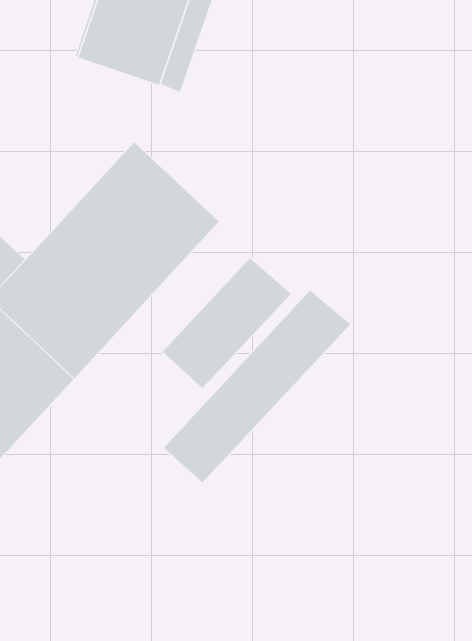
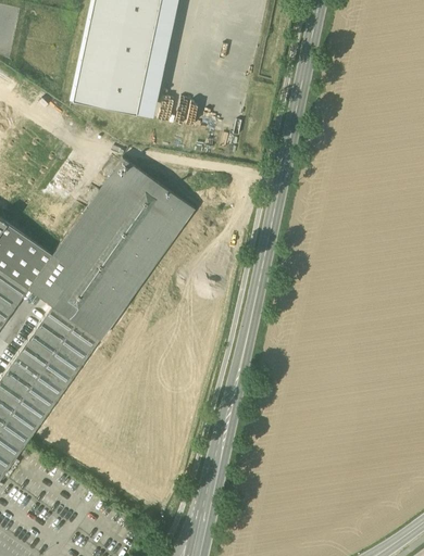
building: [162,257,292,389] -> none
building: [163,289,351,483] -> none

